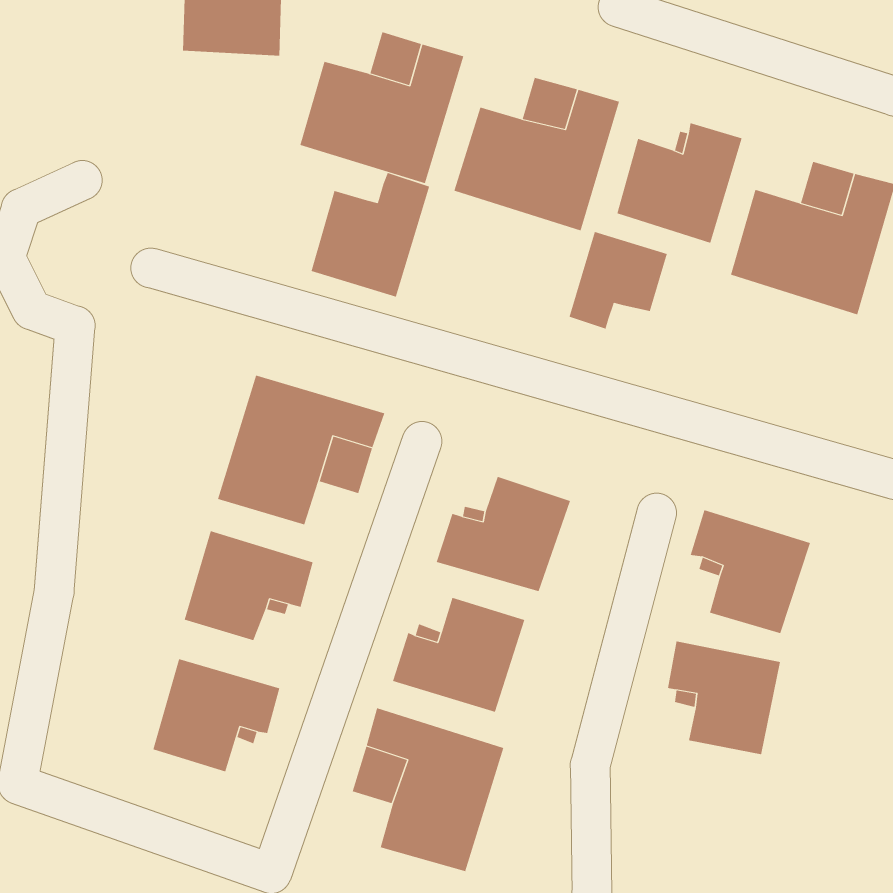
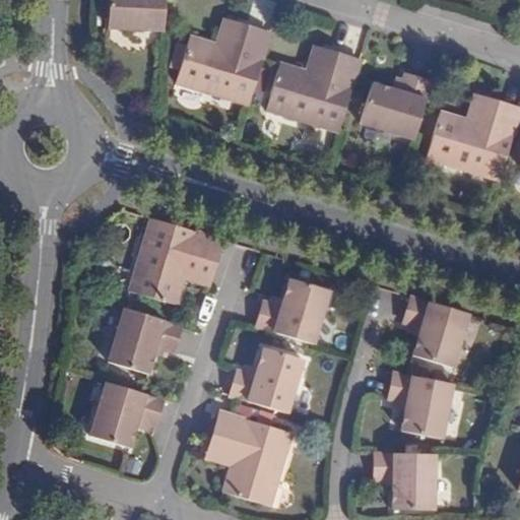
building: [311,172,430,298] -> none
building: [569,231,668,329] -> none
building: none -> [374,453,437,509]

